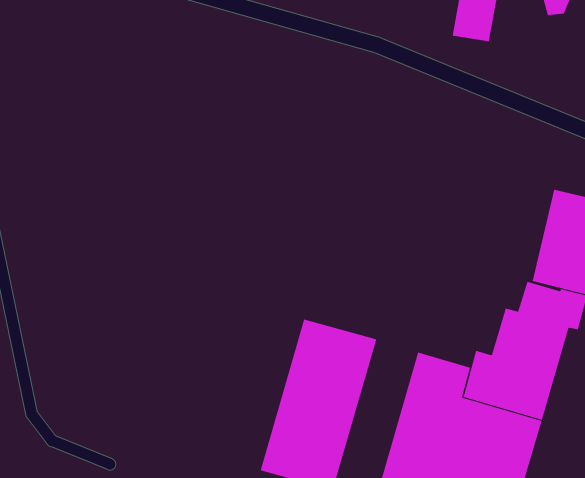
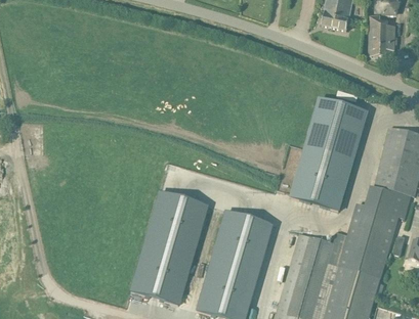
building: none -> [368,12,395,56]
building: none -> [291,96,367,209]
building: none -> [130,190,206,304]

